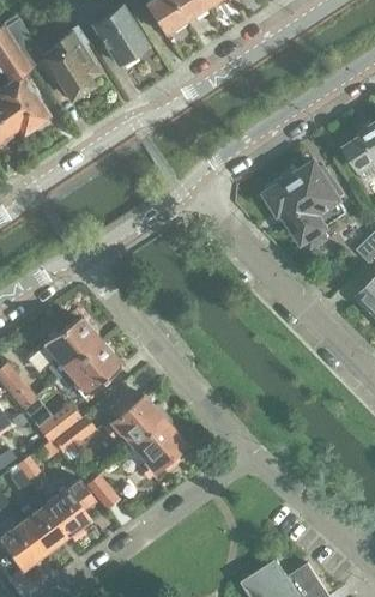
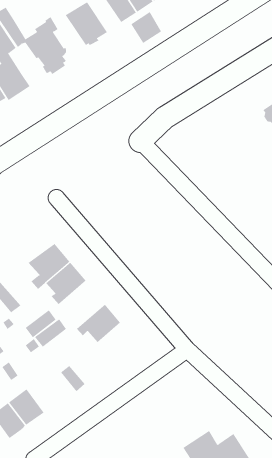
building: none -> [130,11,162,44]
building: [267,163,346,251] -> none
building: [126,421,185,477] -> none
building: [42,481,92,537] -> none

